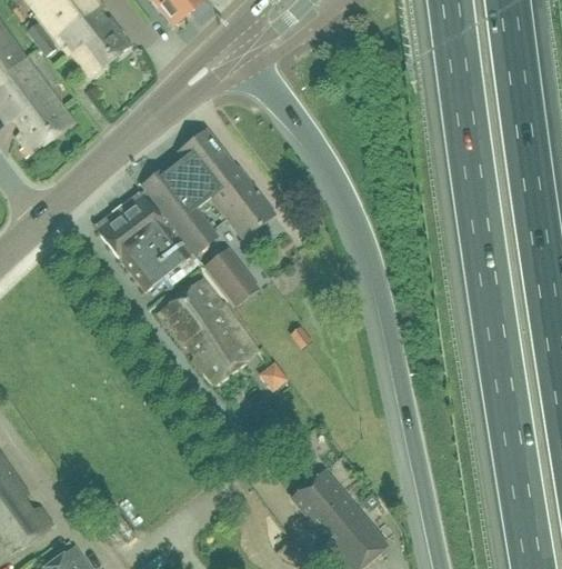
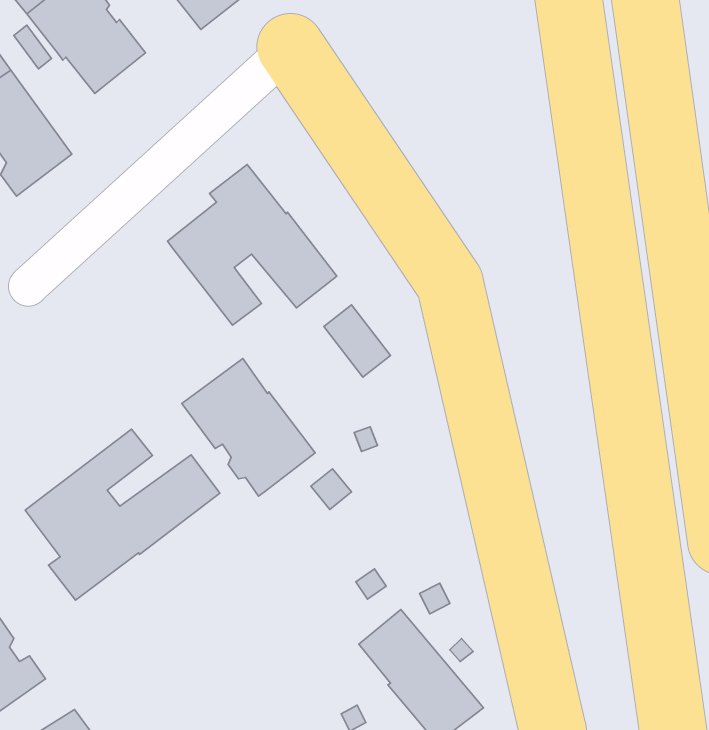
building: [99,191,201,289] -> none
building: [207,248,258,303] -> [324,305,391,377]
building: none -> [25,429,220,600]

